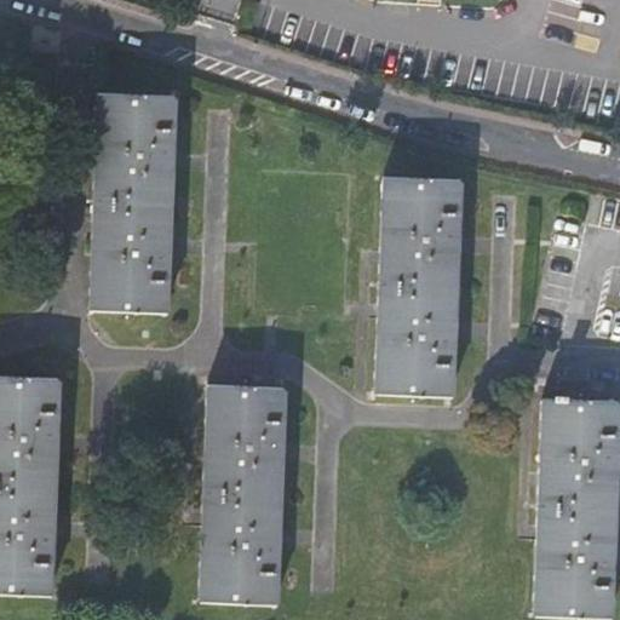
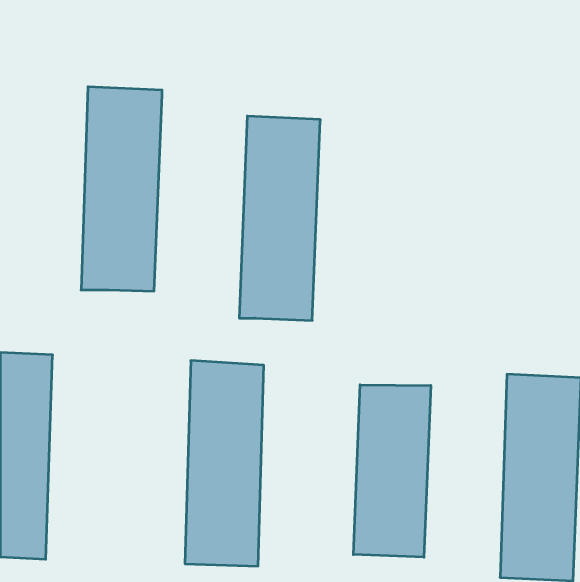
building: [375,177,461,394] -> [239,116,320,320]
building: none -> [353,385,431,557]

